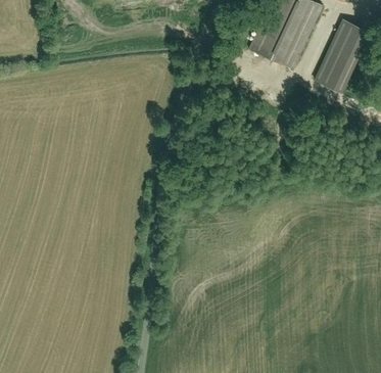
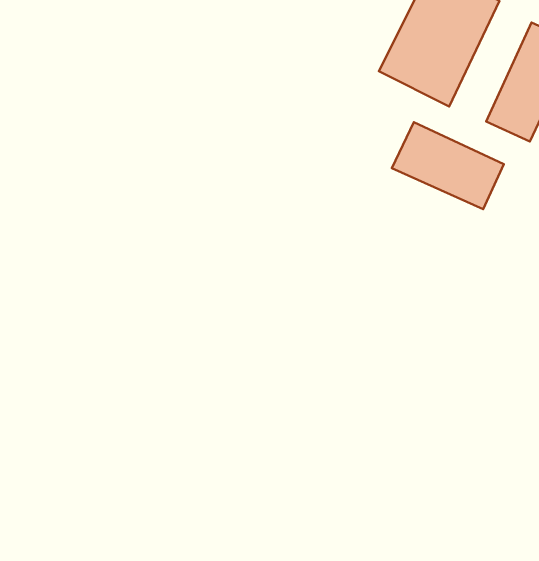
building: none -> [392,122,504,209]

